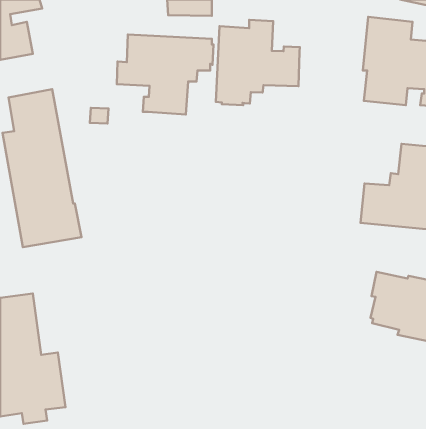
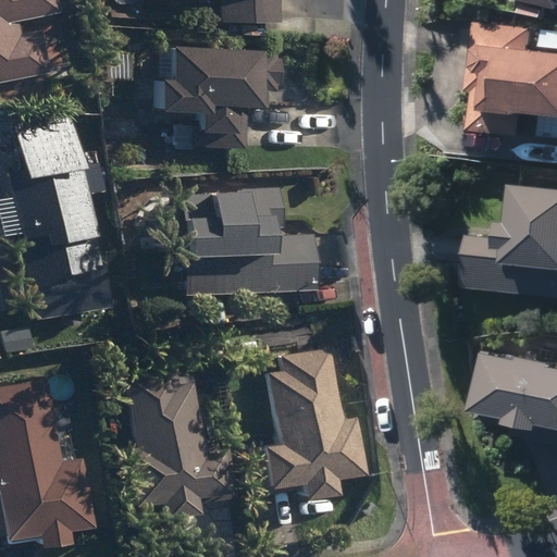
building: [216,20,300,105] -> none
building: none -> [181,186,317,296]
building: none -> [250,348,362,500]
building: none -> [123,370,227,518]

